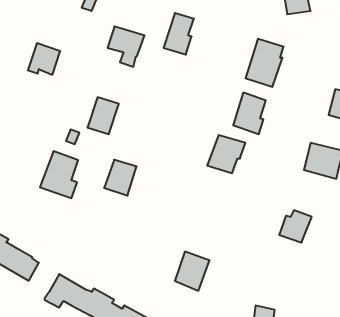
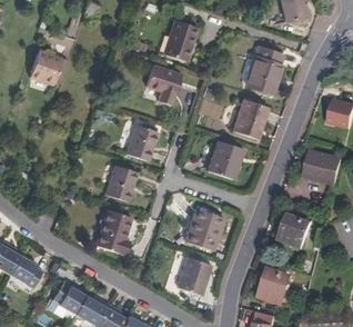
building: [108,26,145,67] -> [144,65,181,105]
building: [87,97,119,134] -> [127,125,158,161]
building: [40,151,78,198] -> [92,208,130,255]
building: none -> [184,209,222,251]
building: none -> [259,269,289,303]

